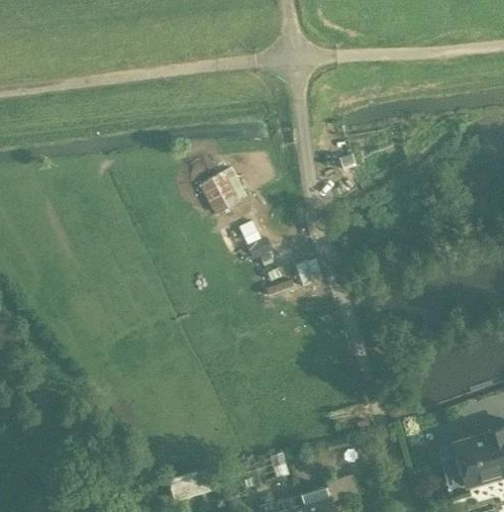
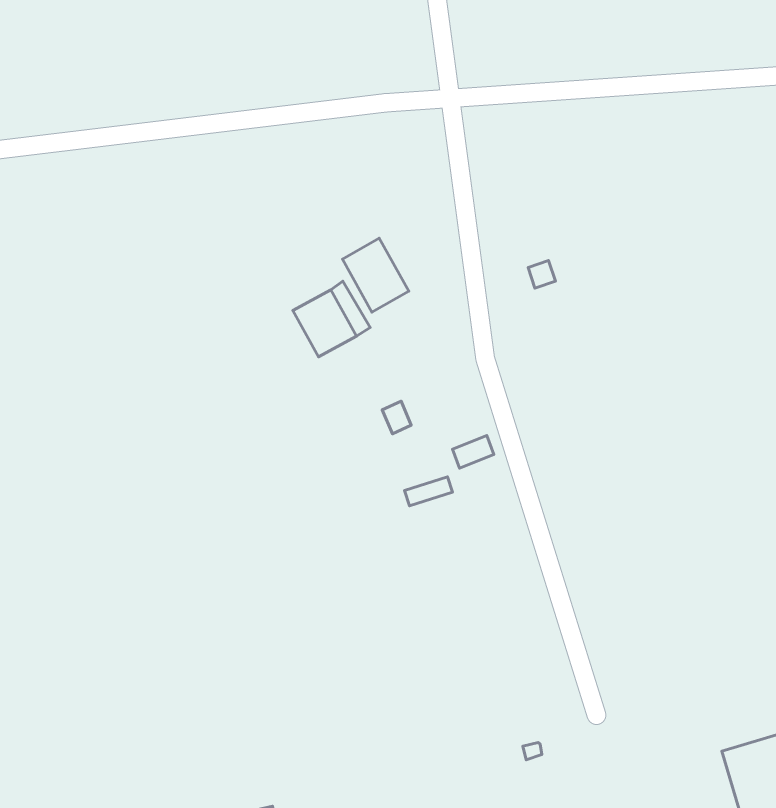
building: none -> [342,238,409,312]

